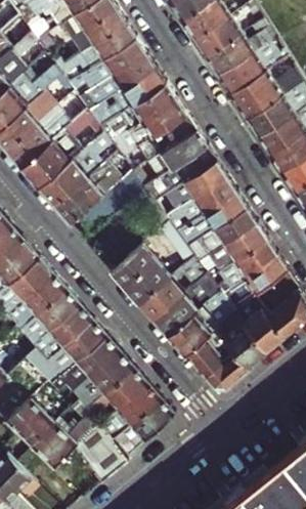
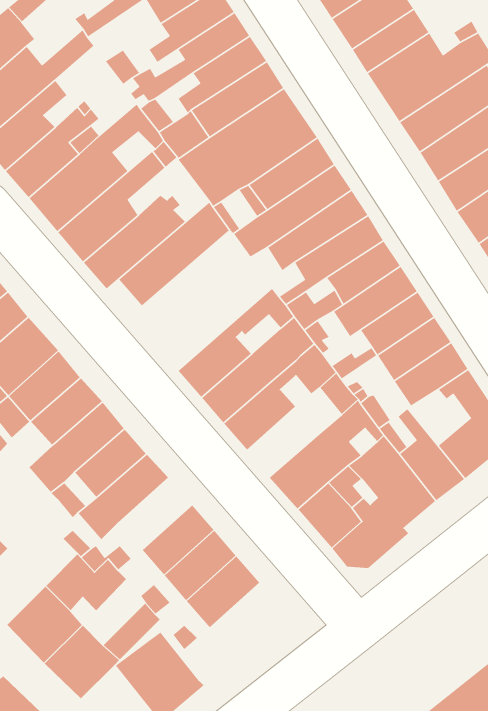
building: [154,294,198,337] -> none
building: [76,337,121,381] -> none
building: [120,400,175,458] -> none

